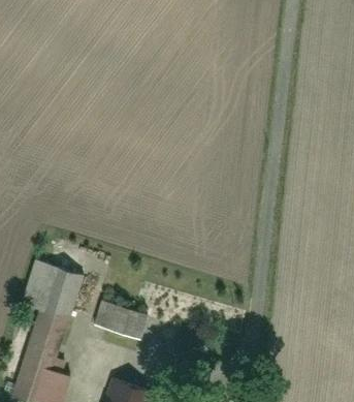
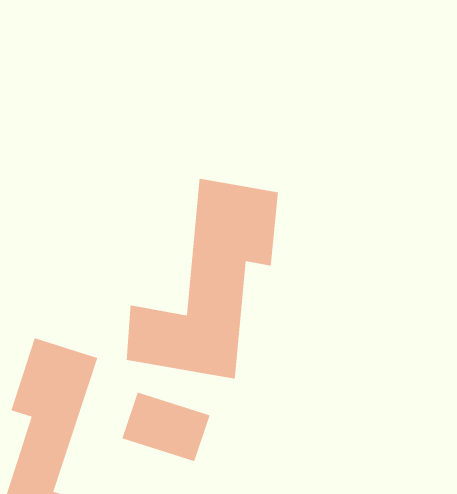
building: none -> [126,178,279,380]

